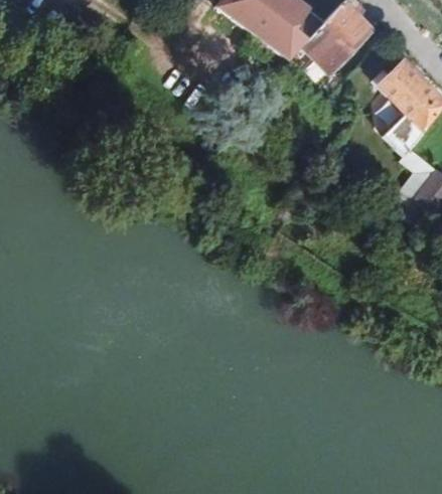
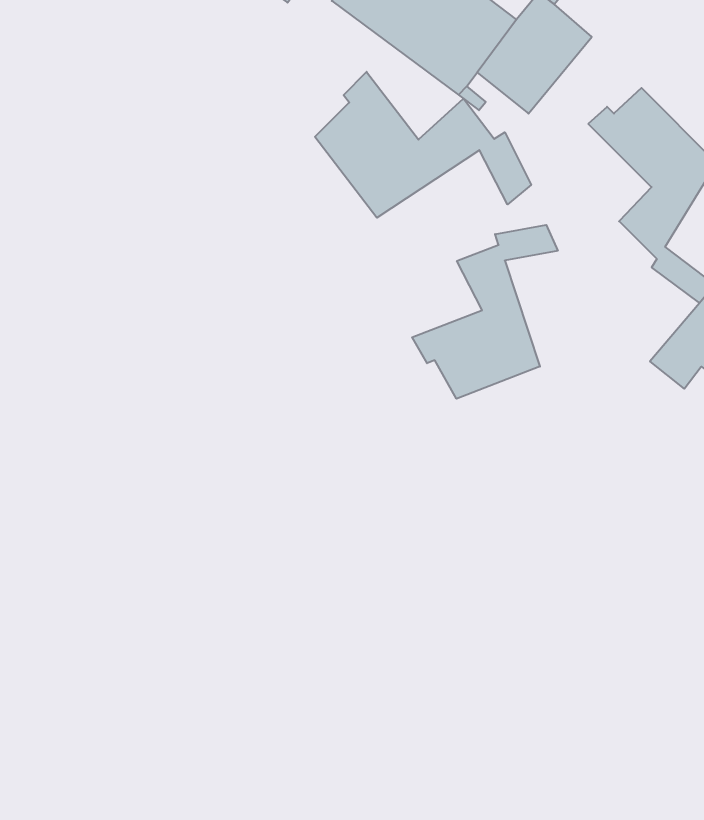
building: none -> [315,72,531,218]
building: none -> [412,225,558,399]

